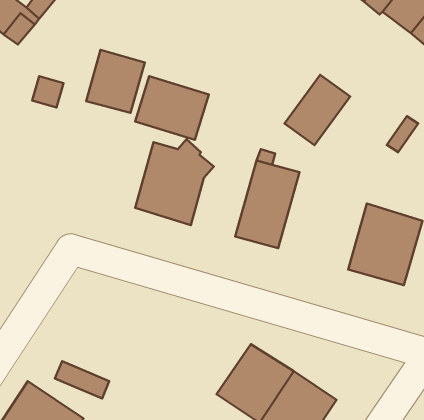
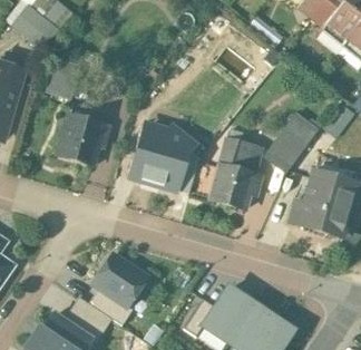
building: [86,50,145,113] -> [58,115,104,164]
building: [284,75,350,145] -> [265,115,316,169]
building: [135,76,209,140] -> none
building: none -> [92,254,147,307]

